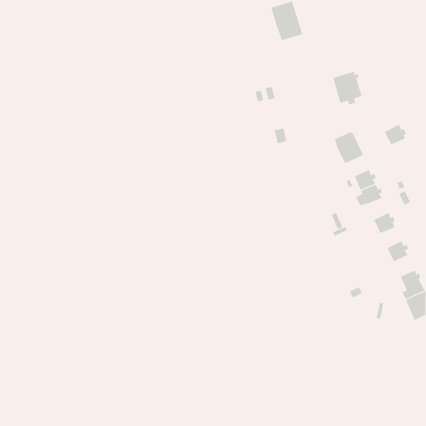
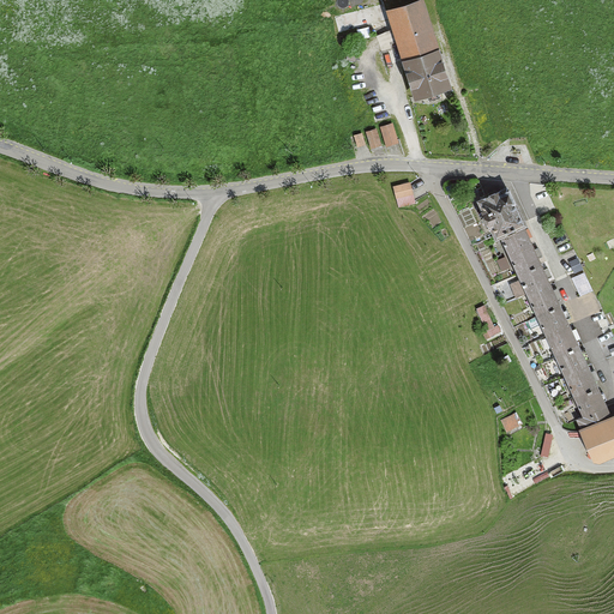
building: [332,71,363,105] -> [404,50,447,100]
building: [384,124,407,145] -> [499,224,531,254]
building: none -> [526,285,559,317]
building: none -> [546,327,578,357]
building: none -> [565,367,597,398]

